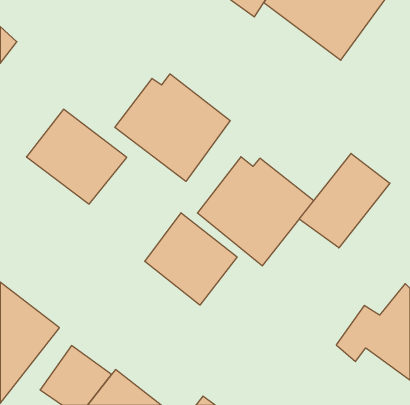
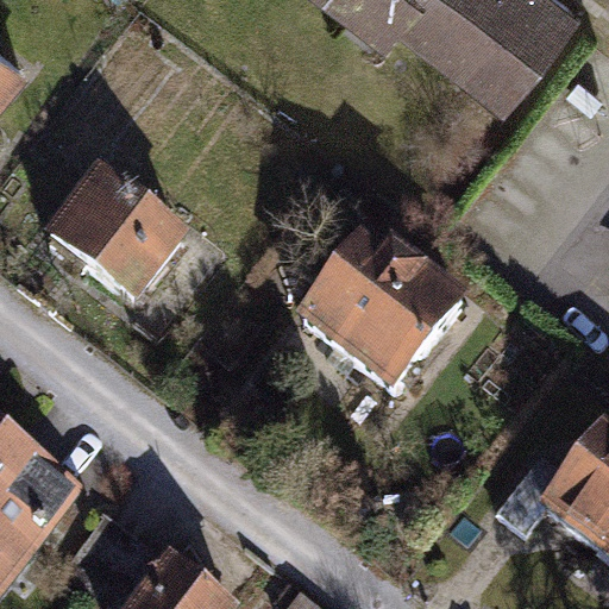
building: [115,74,230,181] -> none
building: [299,153,390,248] -> none
building: [145,213,237,305] -> none

